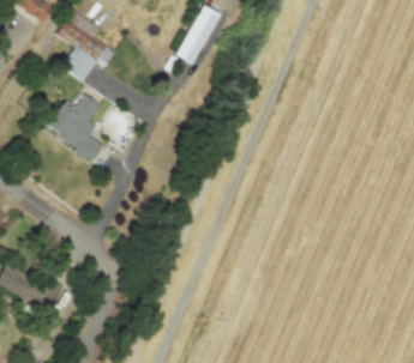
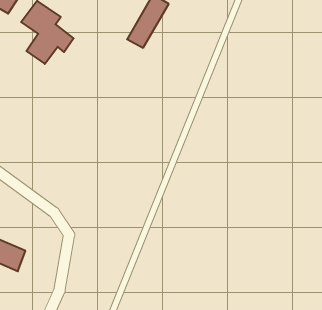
building: [47,92,104,161] -> none

